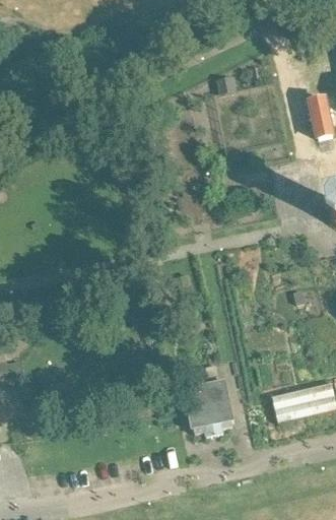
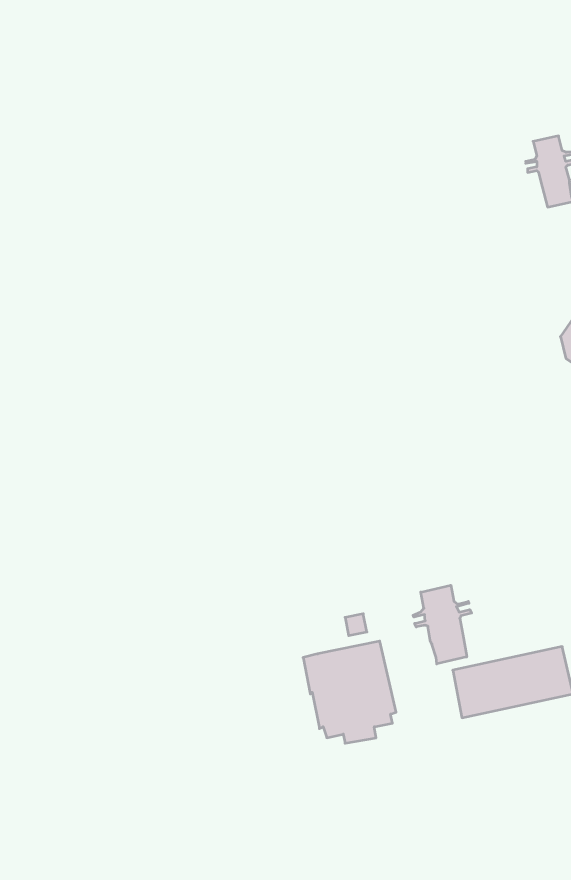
building: none -> [413,585,472,664]

